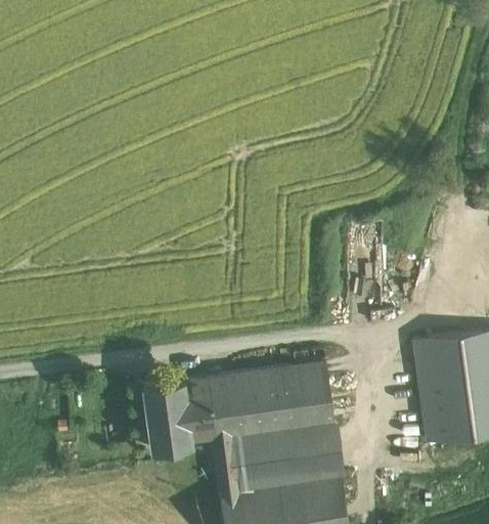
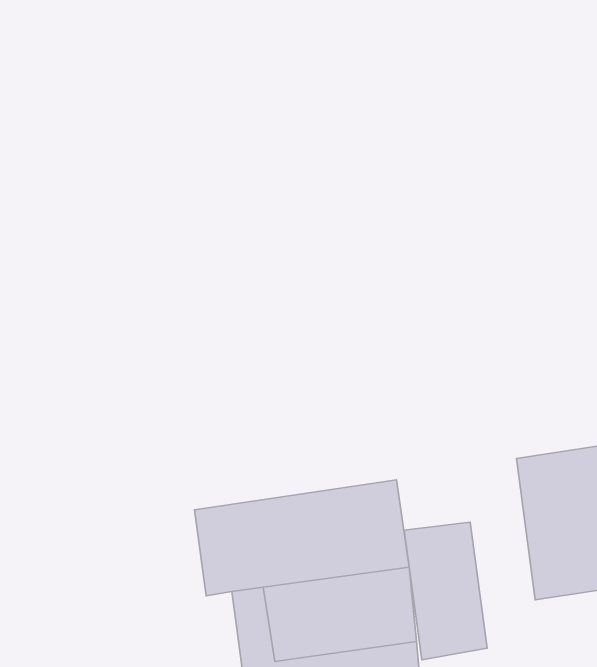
building: [141,381,192,450] -> none
building: none -> [404,522,487,660]

